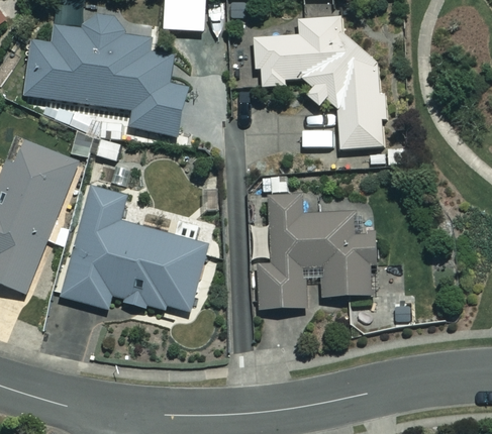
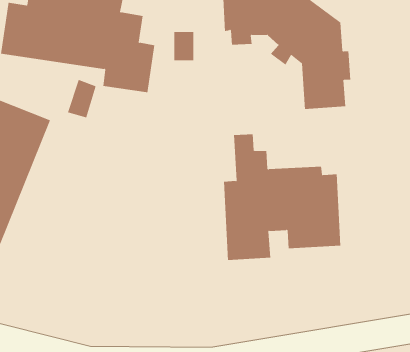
building: [60,186,206,310] -> none

